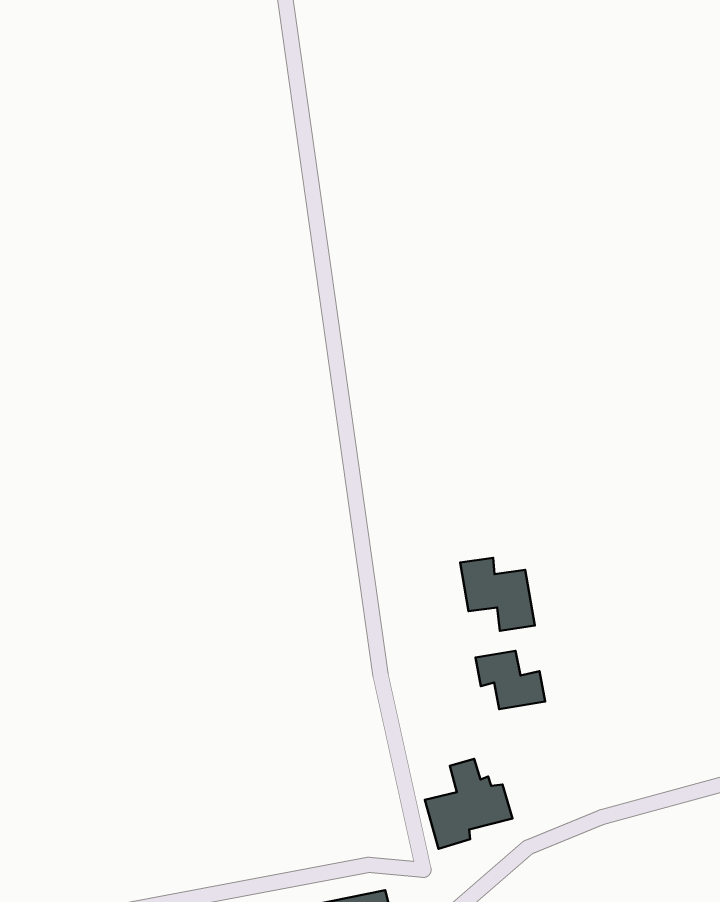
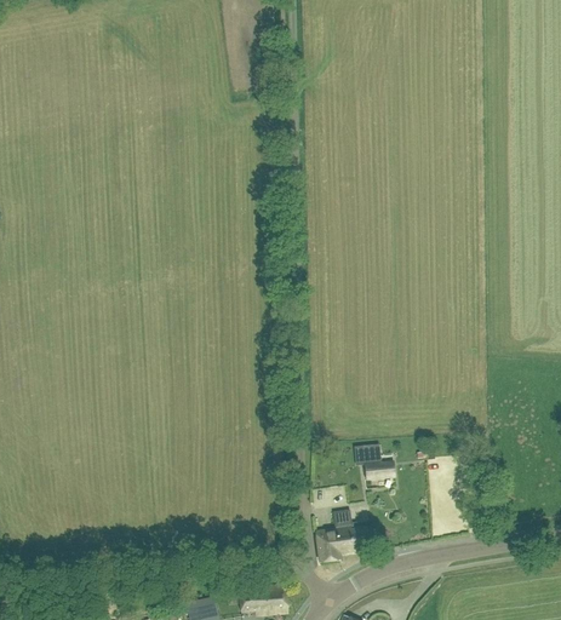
building: [460,558,535,631] -> none

